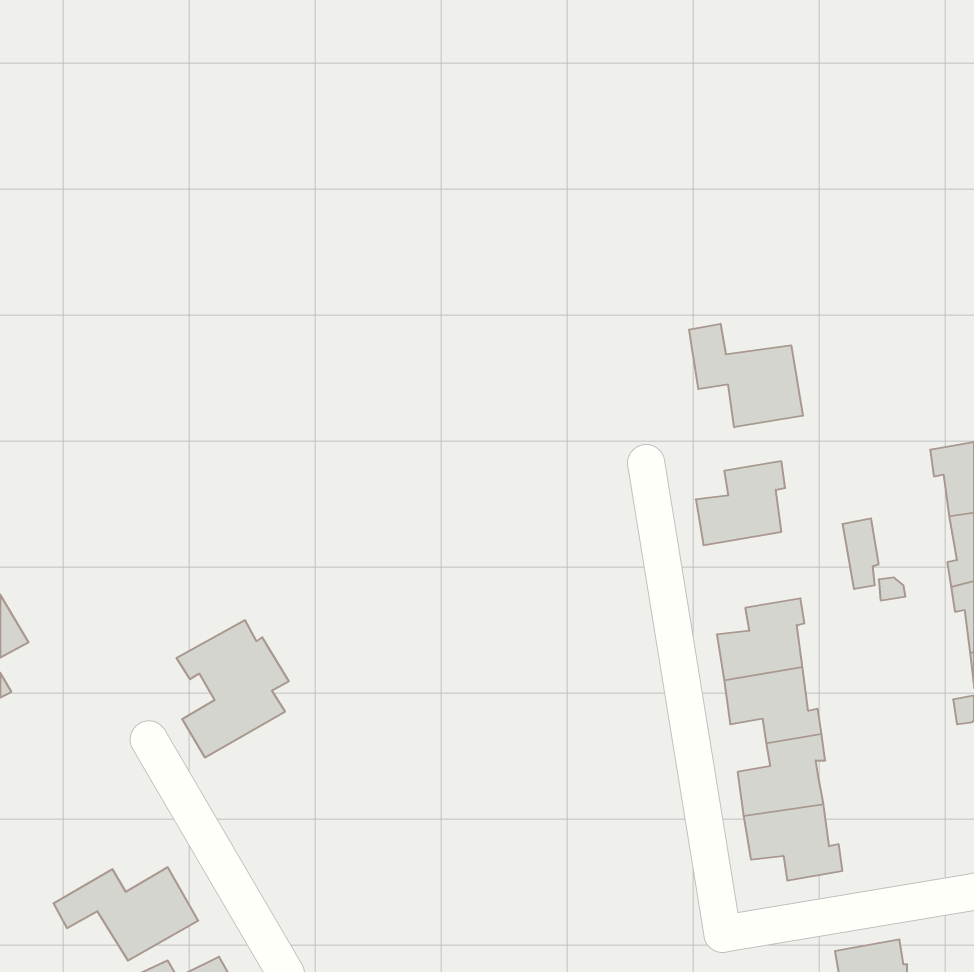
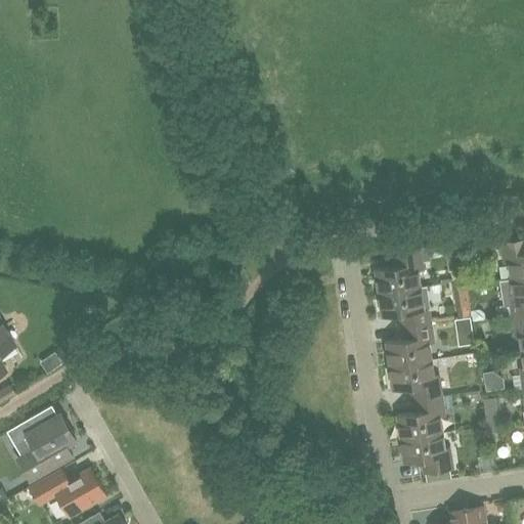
building: [689,324,803,427] -> none
building: none -> [378,287,430,328]
building: [176,620,289,757] -> [14,406,75,480]

